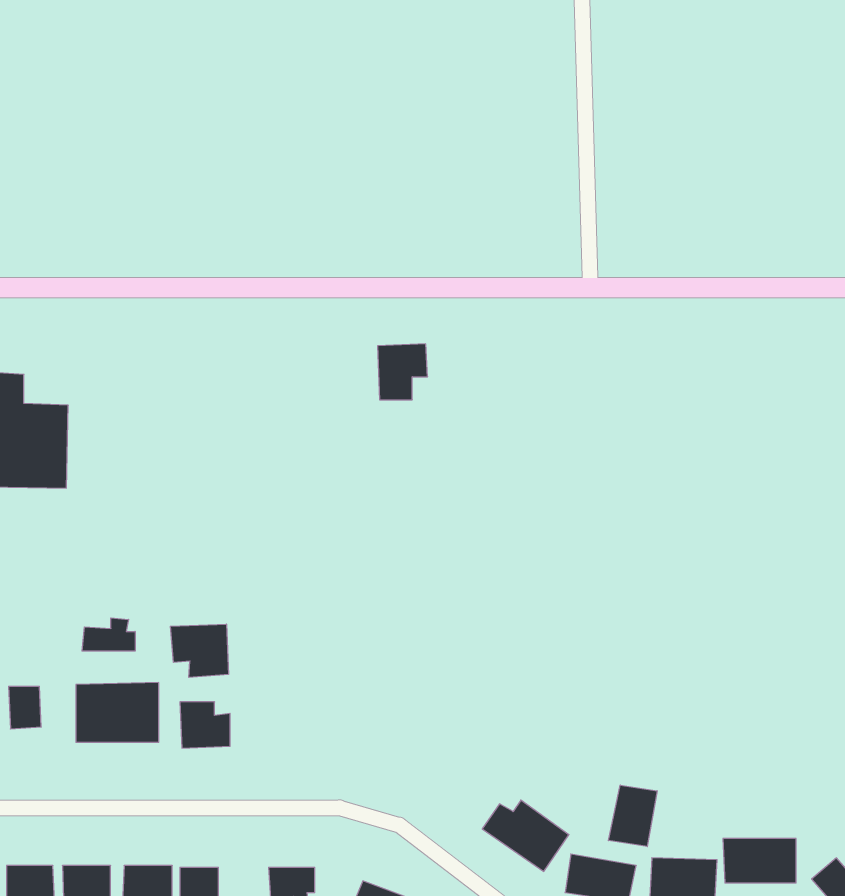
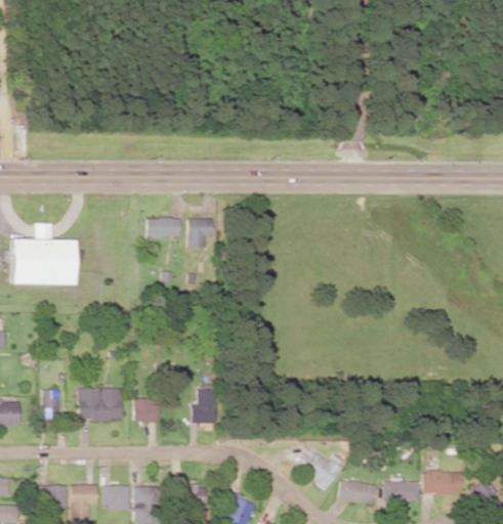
building: [378,344,428,400] -> [187,218,214,248]
building: none -> [146,218,180,236]
building: [82,618,135,651] -> none
building: [170,624,228,677] -> none
building: none -> [192,389,217,424]
building: [608,785,657,847] -> none

